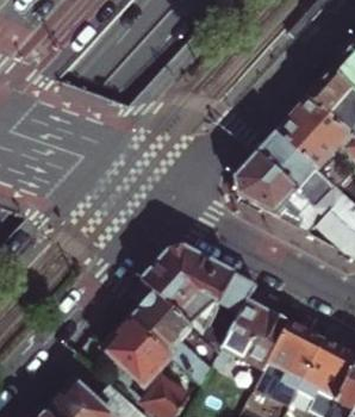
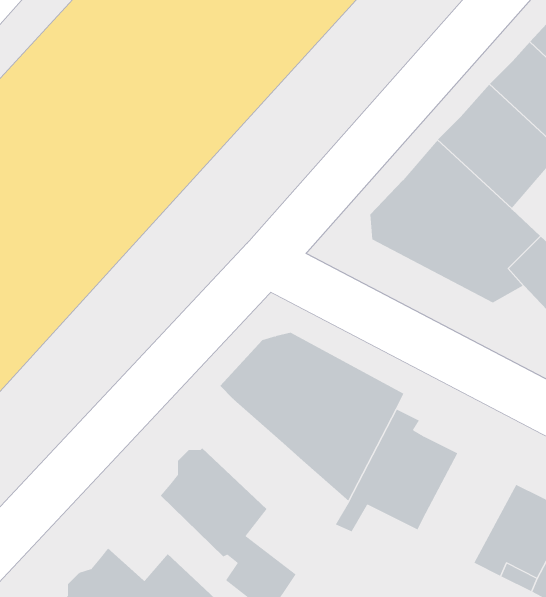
building: [130,288,211,385] -> none
building: [255,322,324,405] -> none

